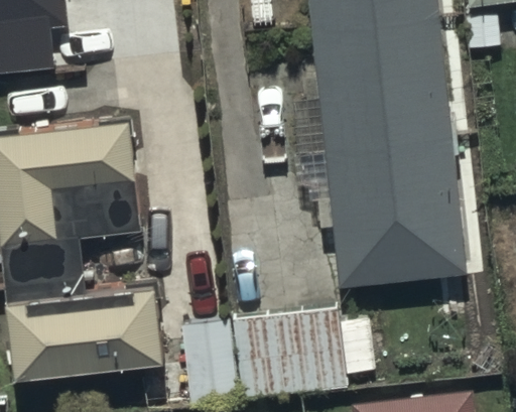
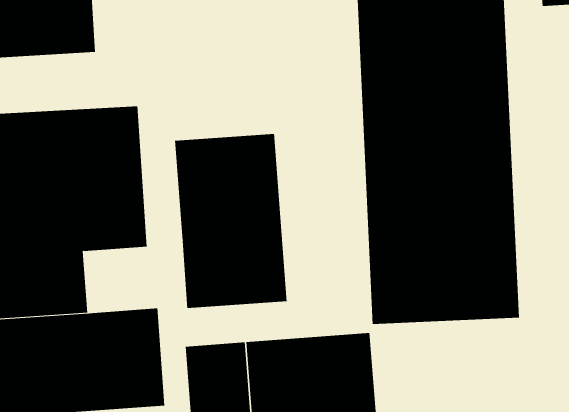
building: none -> [174,133,287,309]

